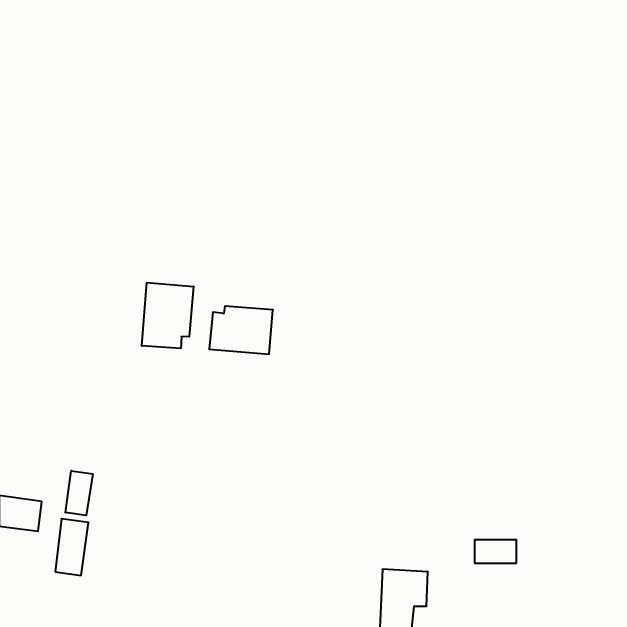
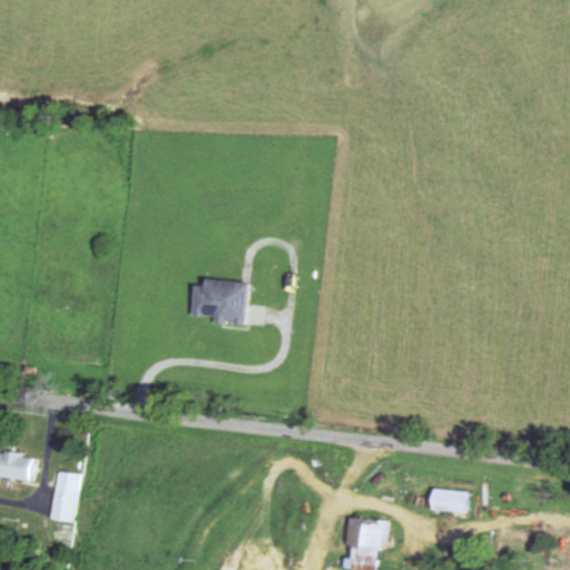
building: [142,283,194,348] -> none
building: [65,471,93,515] -> none

